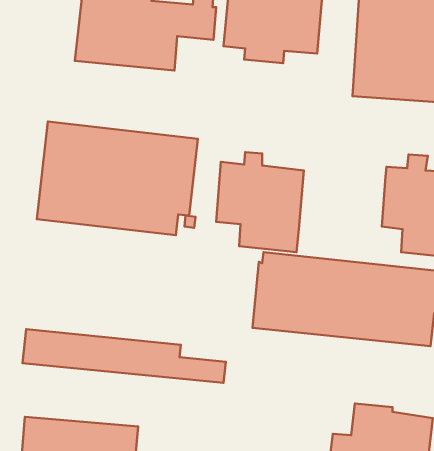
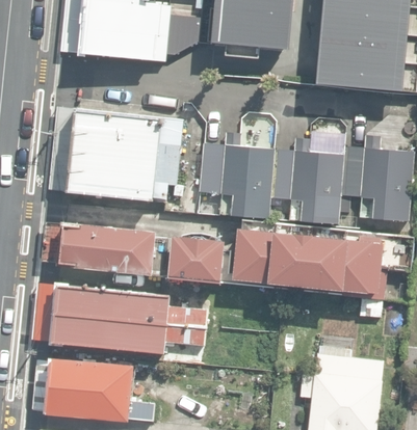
building: none -> [270,138,344,224]
building: none -> [37,222,225,283]
building: none -> [31,313,206,353]

